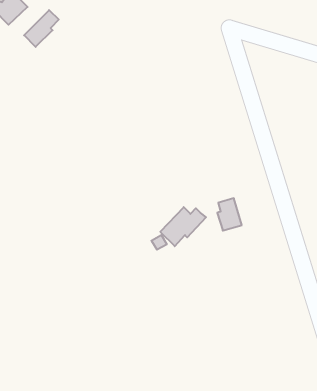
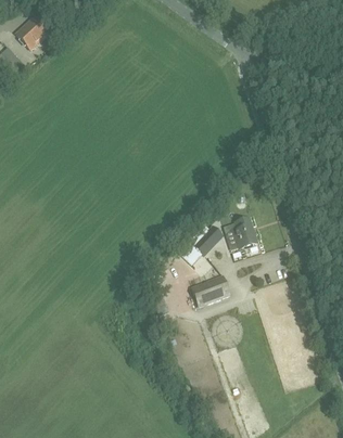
building: [24,10,59,47] -> none
building: none -> [191,274,230,306]

